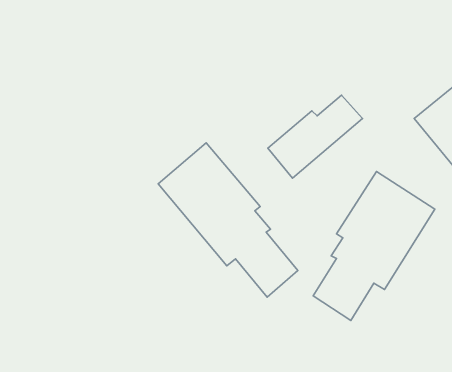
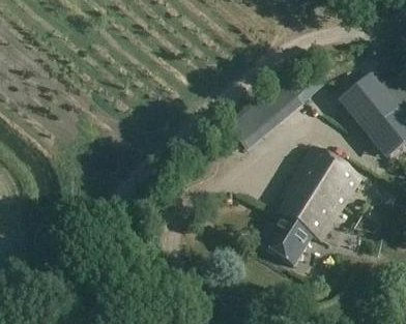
building: [158,143,298,297] -> none

